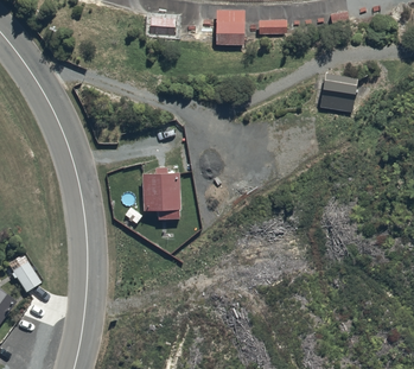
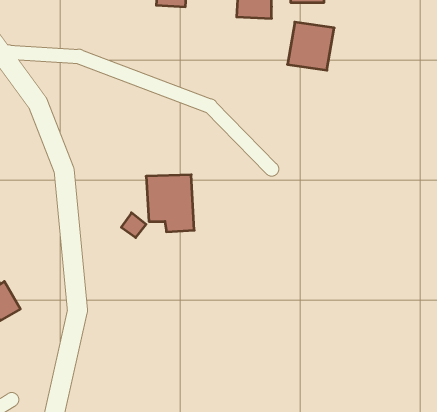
building: [319,74,357,113] -> [287,22,334,70]

